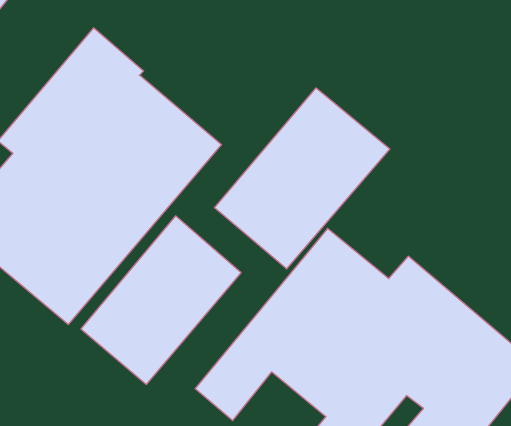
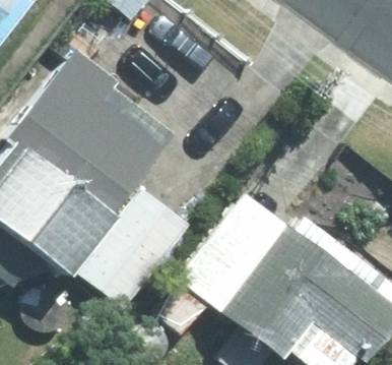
building: [214,88,390,269] -> none

